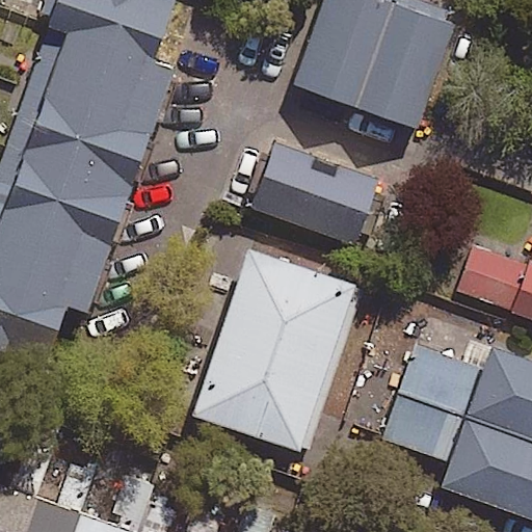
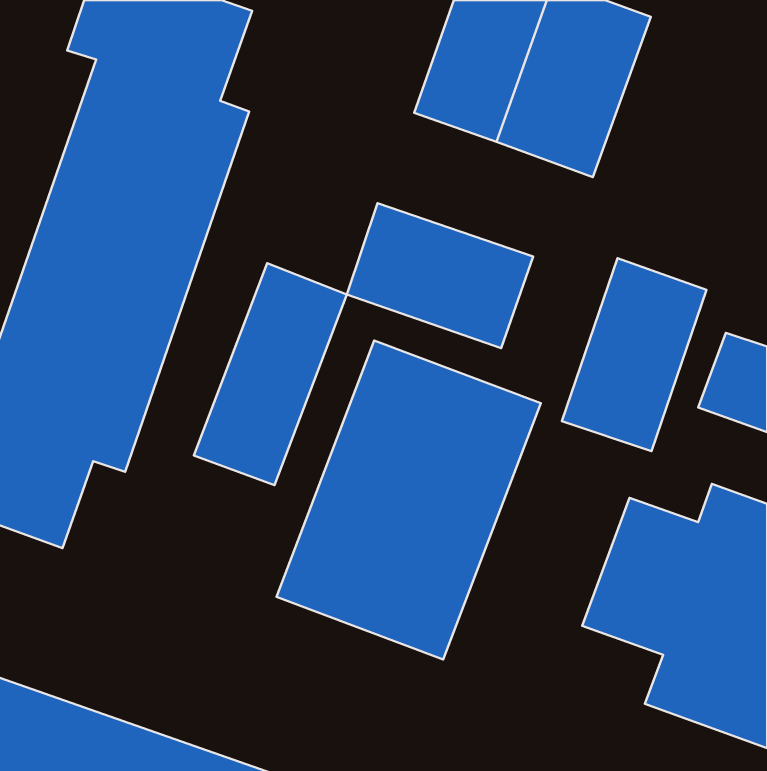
building: none -> [562,258,706,451]
building: none -> [194,263,347,485]

